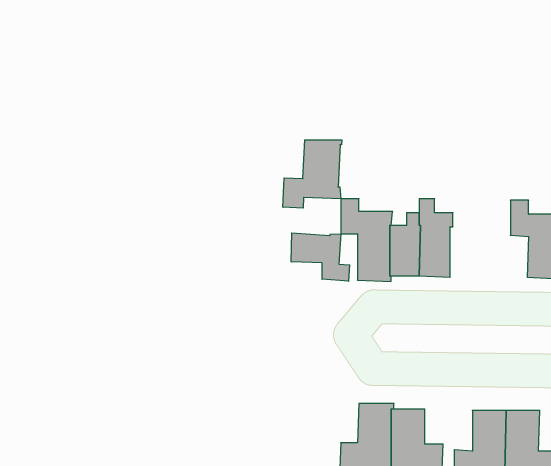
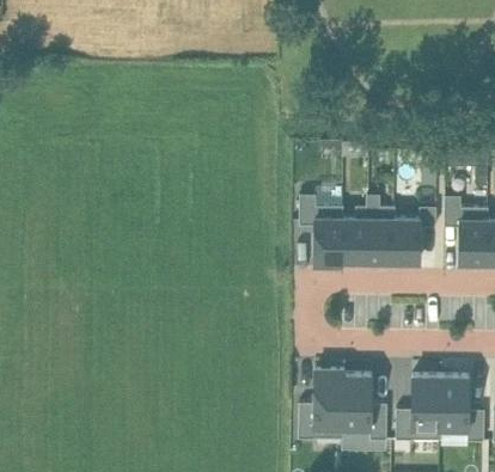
building: [283,140,342,208] -> none
building: none -> [393,208,436,263]
building: [291,233,350,281] -> none

